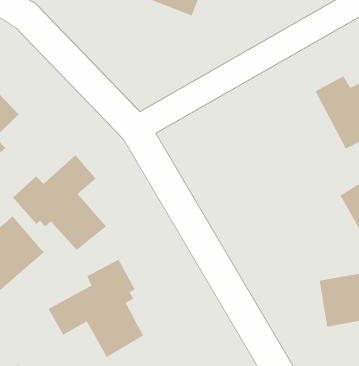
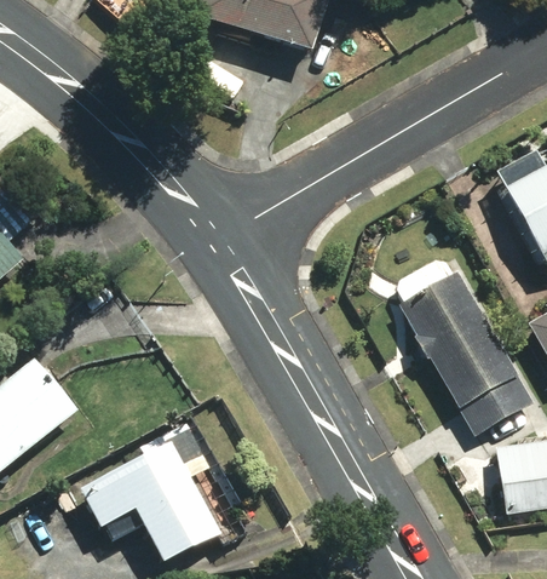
building: [12,155,107,251] -> none
building: none -> [390,268,526,430]

